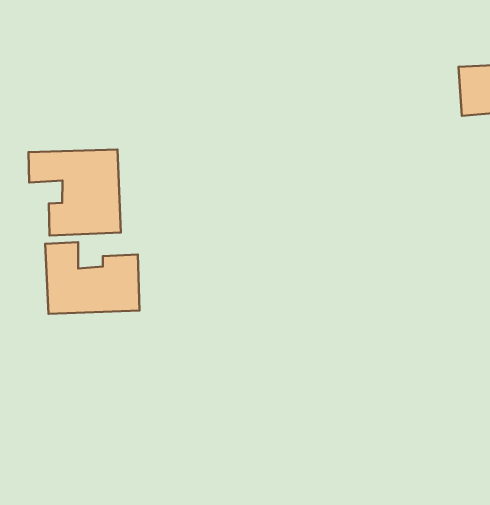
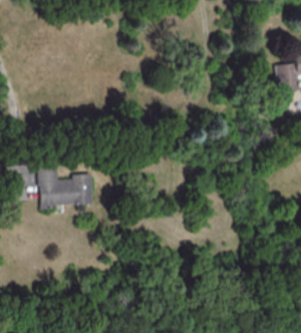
building: [28,150,121,236] -> none

